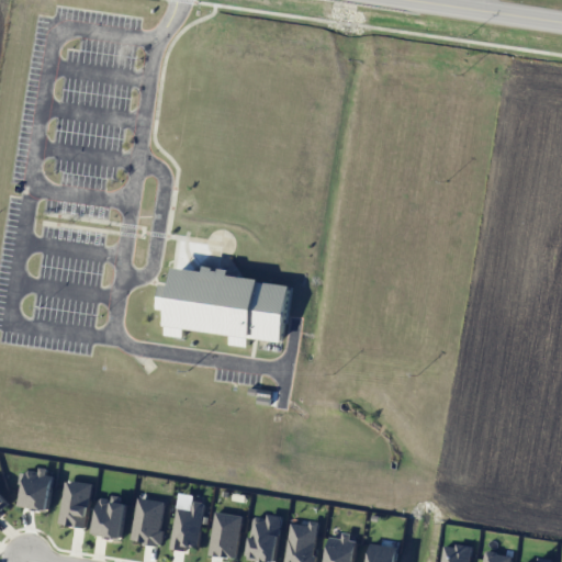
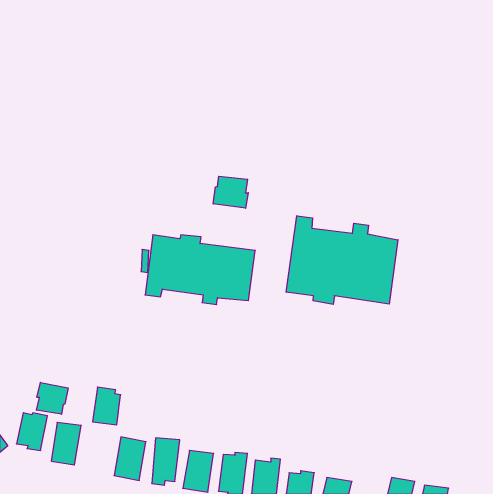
building: none -> [213,176,248,208]
building: none -> [286,216,398,304]
building: none -> [37,382,68,414]
building: [93,495,125,538] -> [93,387,121,425]

